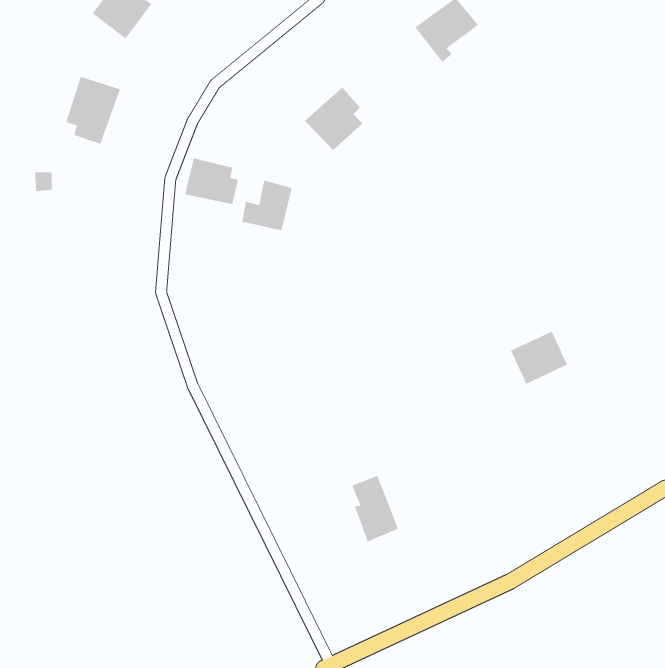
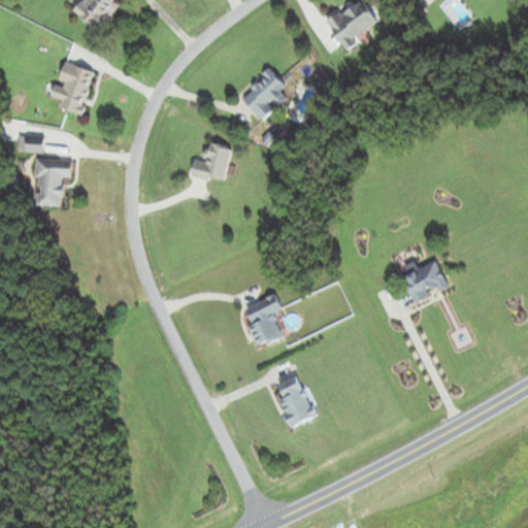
building: [184,157,238,205] -> none
building: none -> [34,157,71,204]
building: none -> [242,294,280,345]

